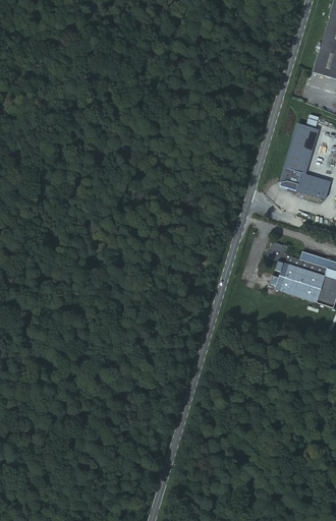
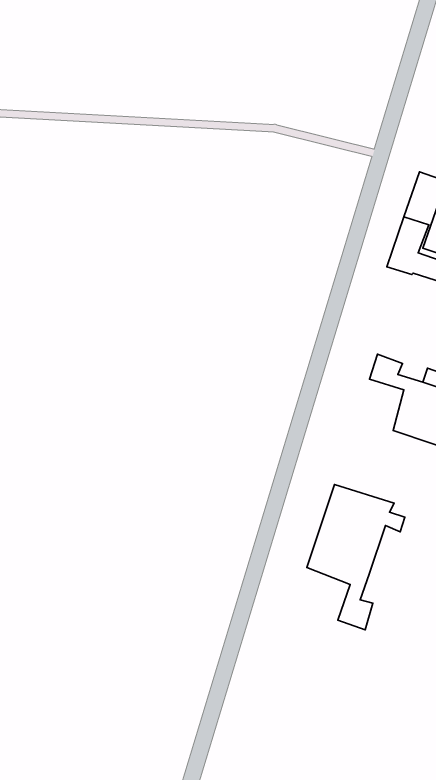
building: none -> [307,485,405,630]

